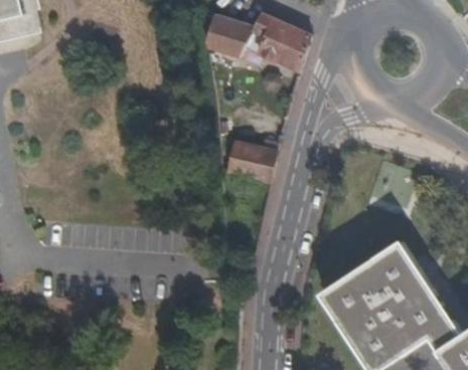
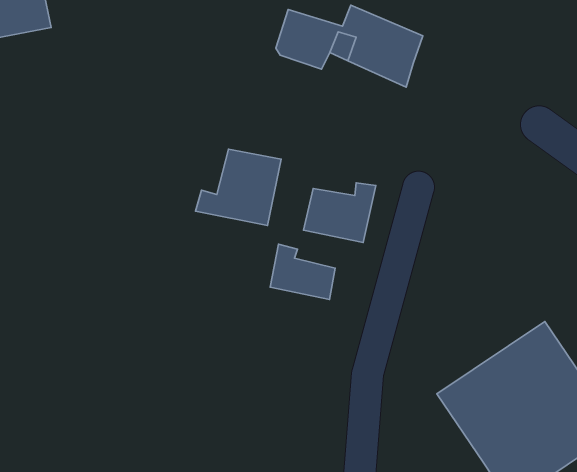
building: none -> [196,149,281,225]
building: none -> [270,244,335,300]

